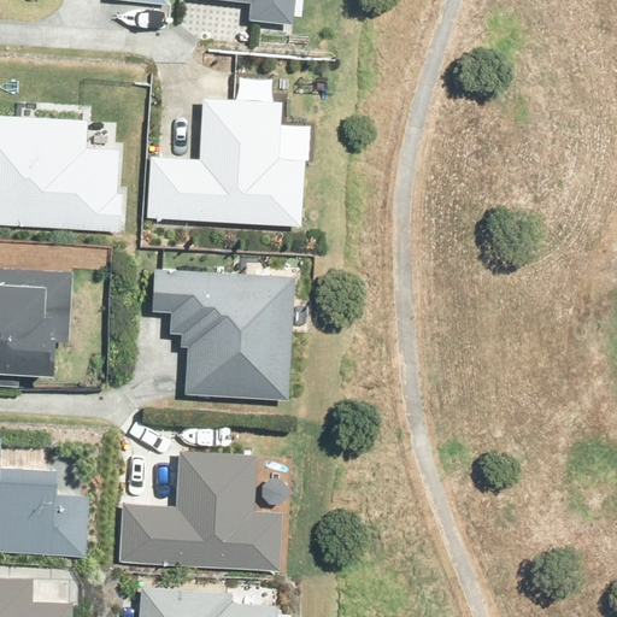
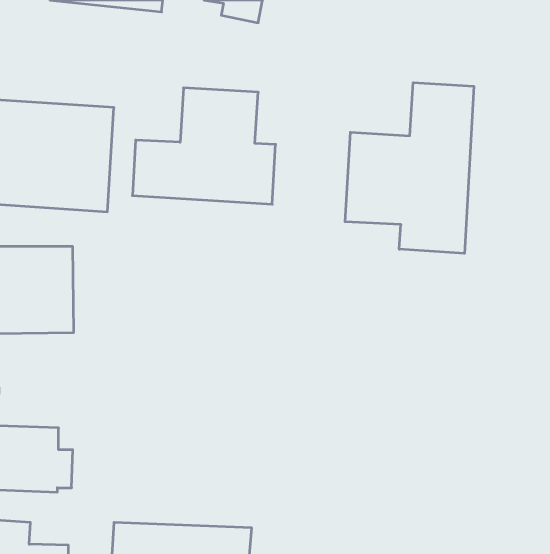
building: none -> [345,83,474,253]
building: [137,274,289,392] -> none
building: [117,456,282,576] -> none

